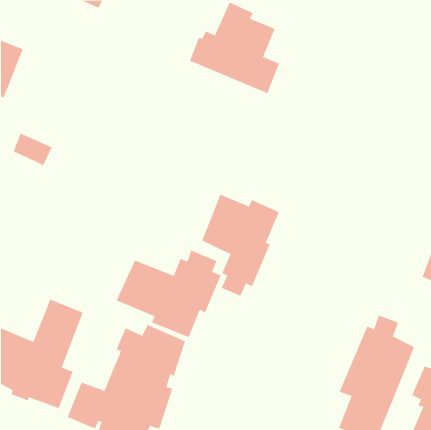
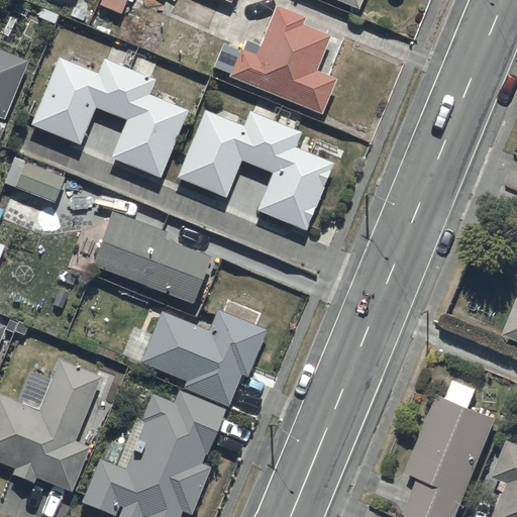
building: none -> [31,57,188,178]
building: none -> [176,110,332,230]
building: none -> [93,212,209,303]
building: [201,194,280,296] -> none

